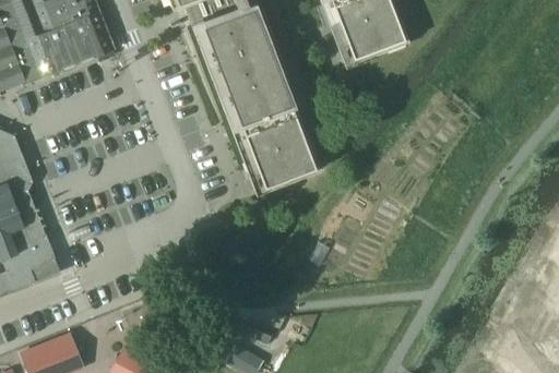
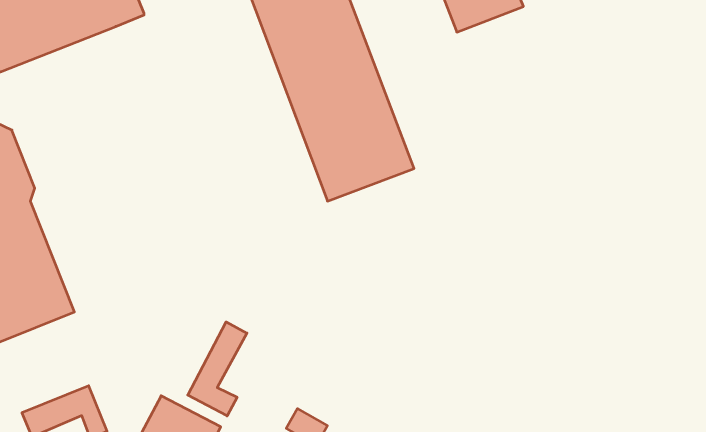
building: none -> [188,322,247,416]

